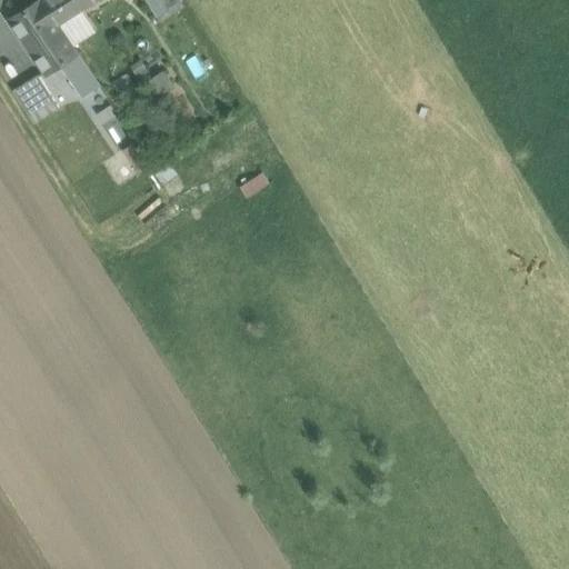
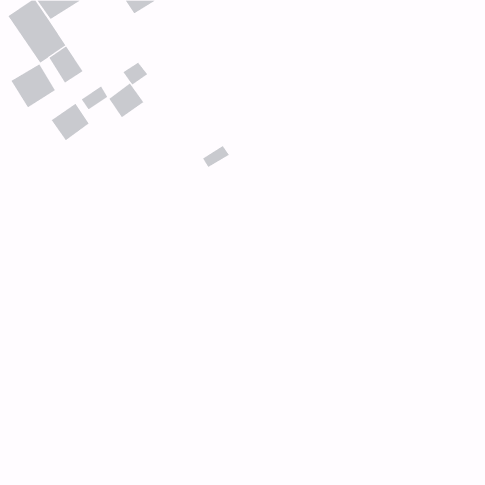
building: none -> [108,82,144,118]
building: none -> [51,103,90,141]

